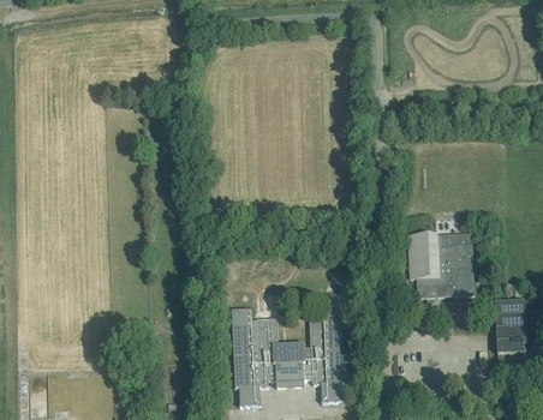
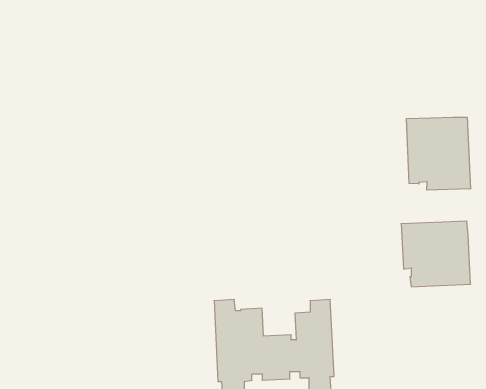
building: none -> [406,117,470,190]

